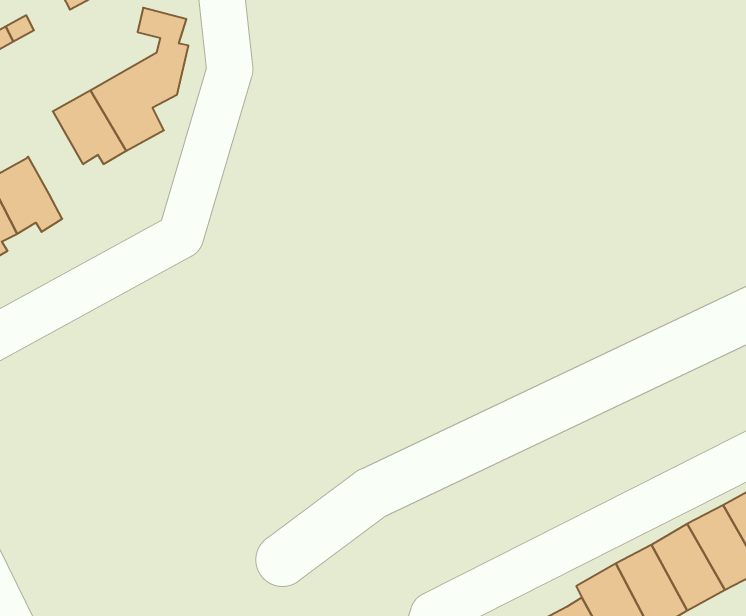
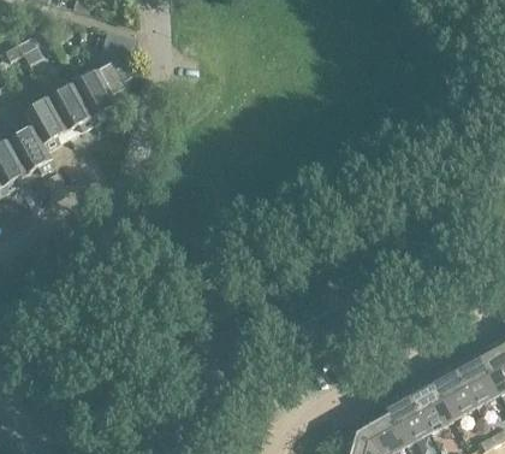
building: none -> [24,100,67,153]

